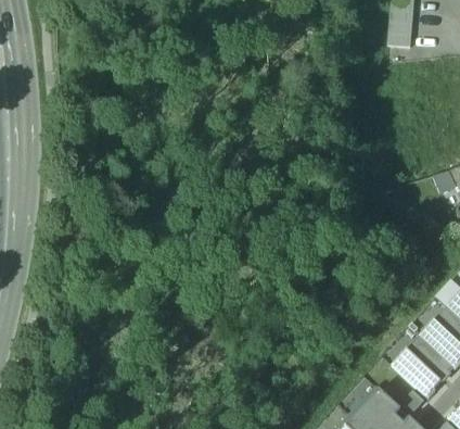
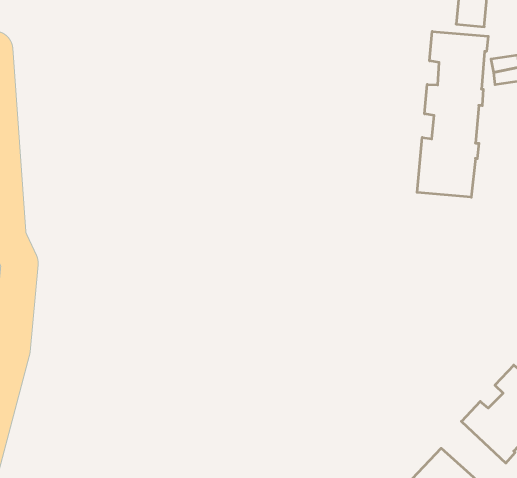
building: none -> [417,31,488,197]

